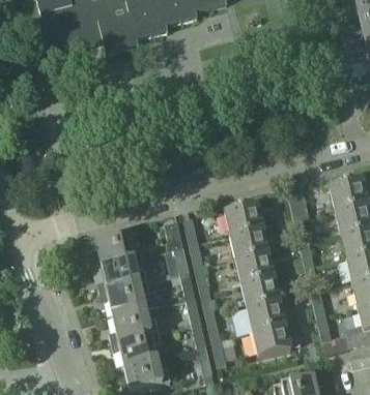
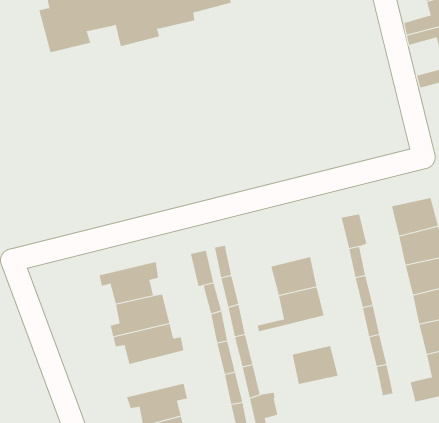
building: [225,203,263,235] -> none
building: [241,275,280,307] -> none
building: [109,304,160,342] -> none
building: [253,325,291,357] -> none

